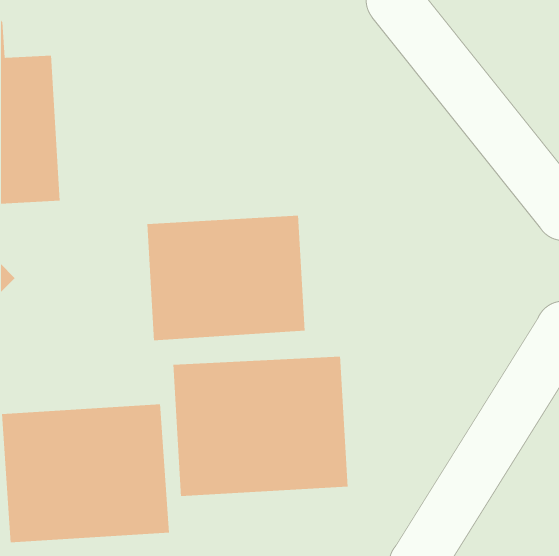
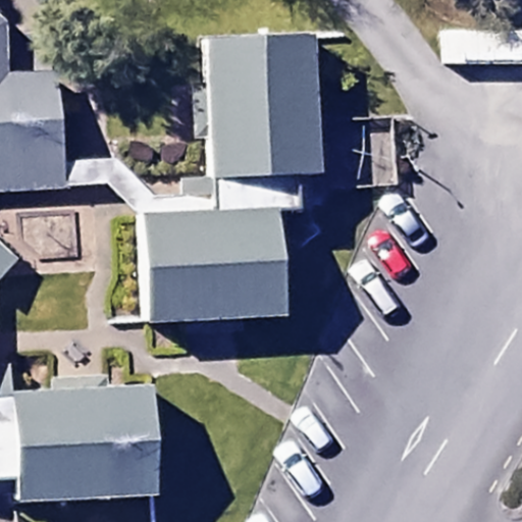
building: none -> [203,32,320,178]
building: [173,356,348,497] -> none

